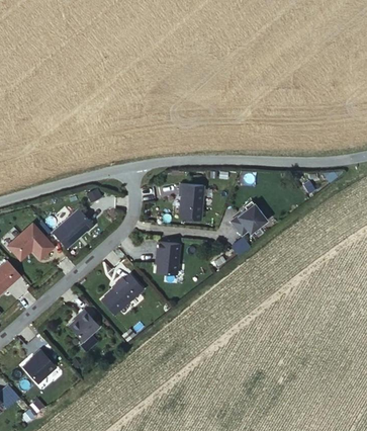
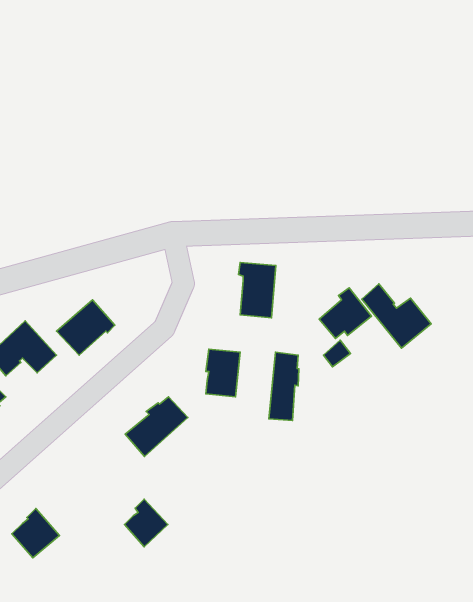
building: none -> [362,284,431,348]
building: none -> [269,352,299,421]
building: [70,310,99,342] -> [125,499,168,547]

